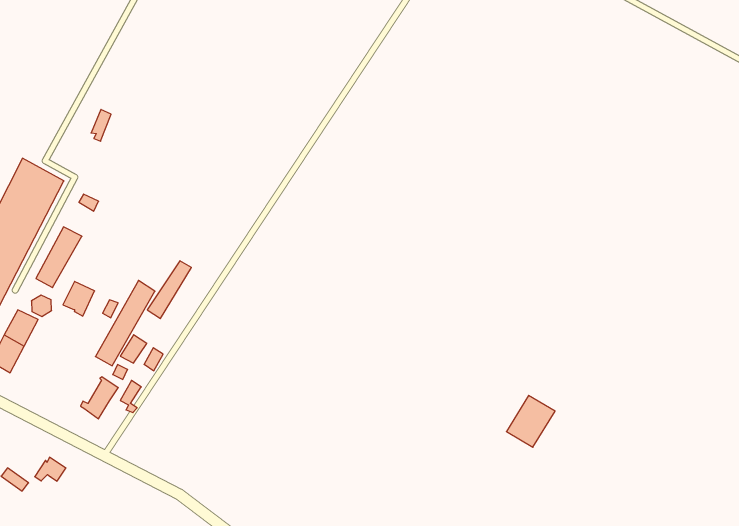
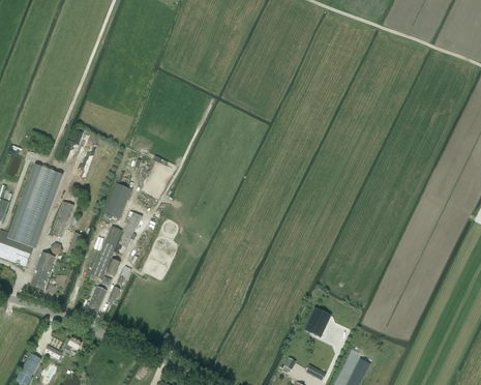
building: none -> [103,183,131,218]
building: [506,395,555,447] -> [304,307,331,337]

